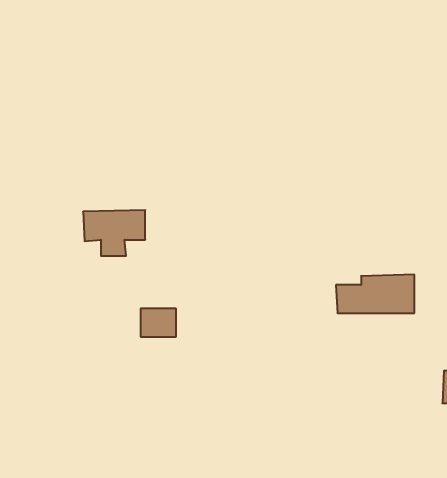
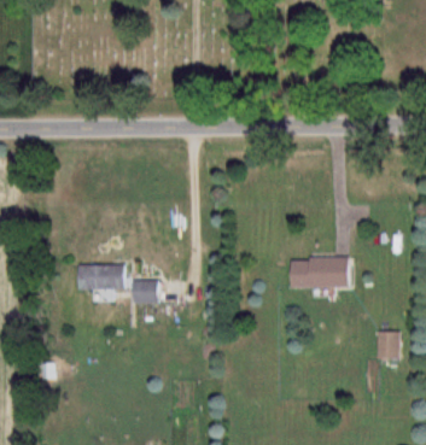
building: [83,210,145,256] -> [76,267,127,304]

